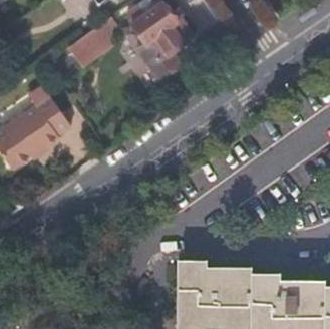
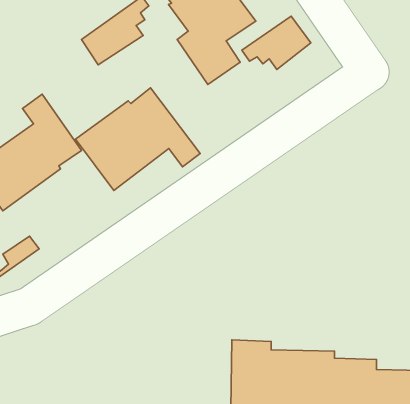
building: none -> [242,16,311,70]
building: none -> [76,88,200,191]

